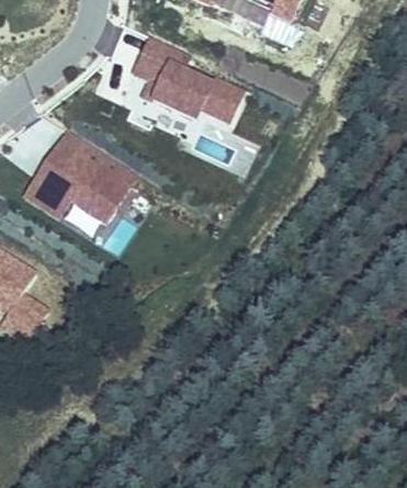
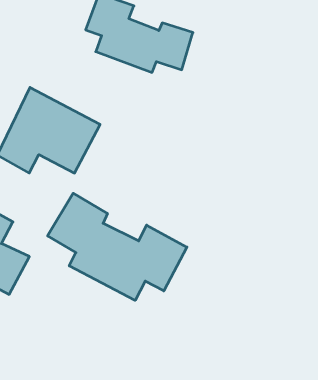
building: none -> [48,193,187,300]

